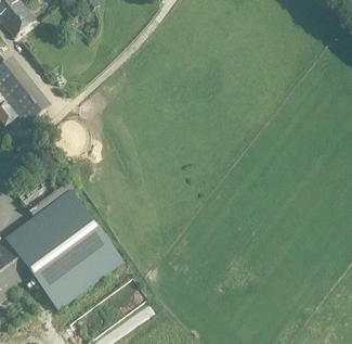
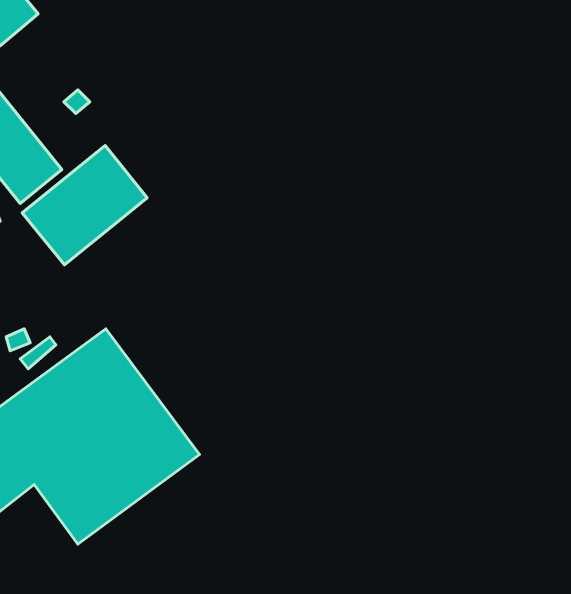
building: none -> [22,146,147,265]

